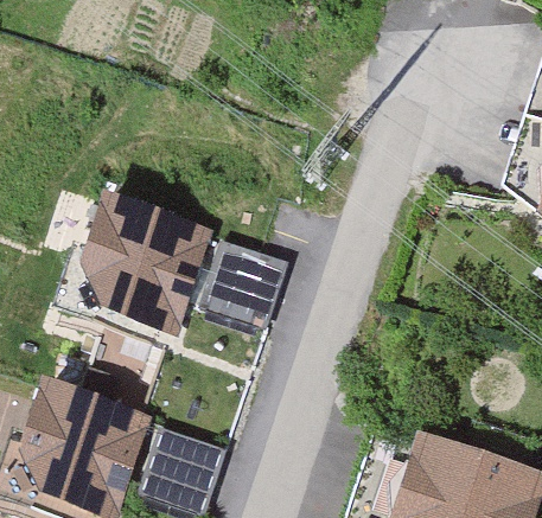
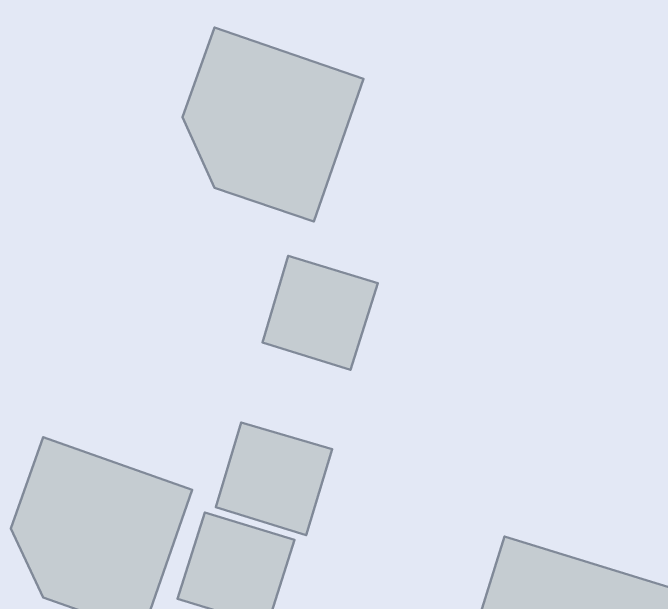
building: [82,191,216,334] -> [182,27,364,221]
building: none -> [216,422,332,535]

